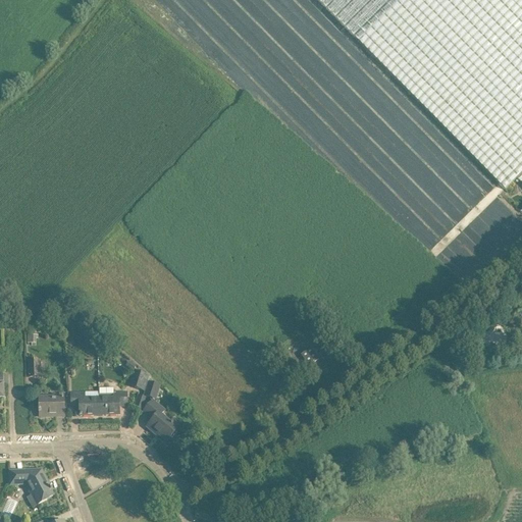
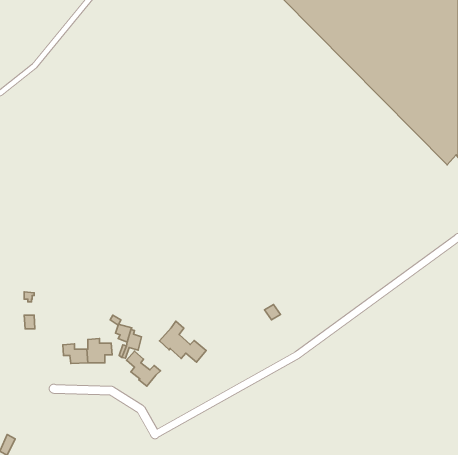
building: none -> [160,321,206,362]
building: [39,395,64,415] -> none
building: [10,469,54,506] -> none

